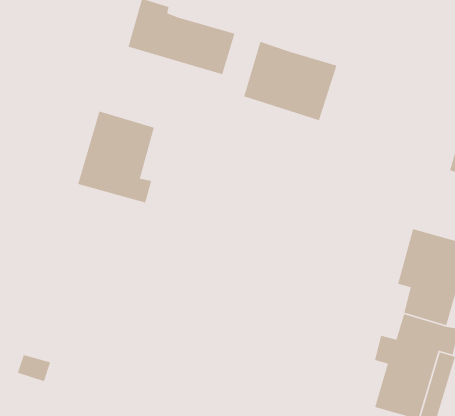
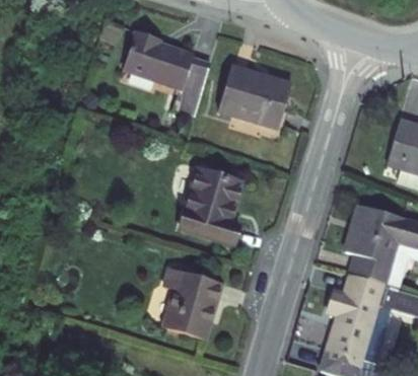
building: [77,111,155,204] -> [182,167,243,241]
building: none -> [166,267,225,337]

